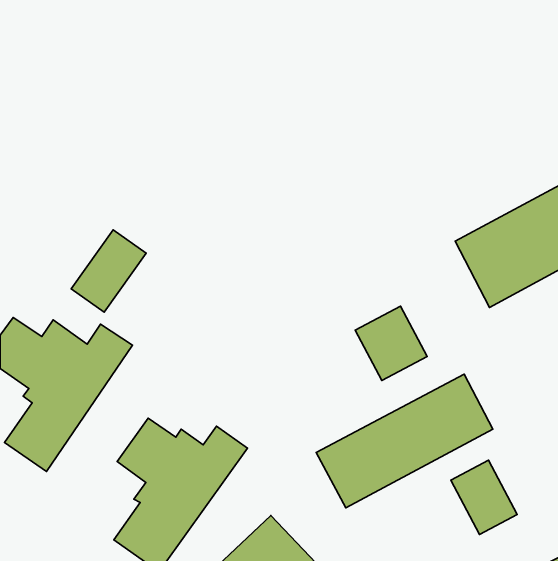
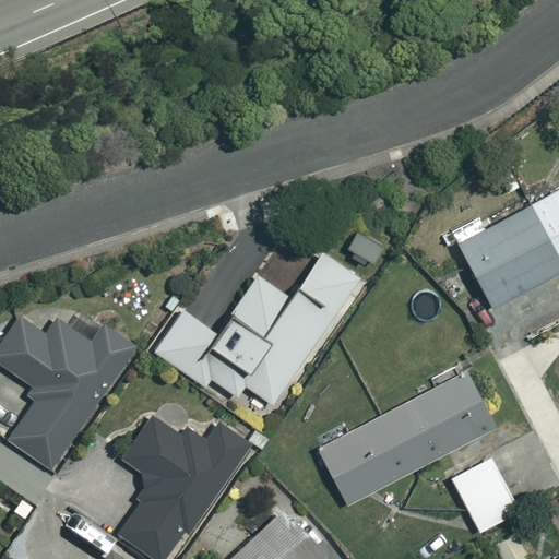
building: [71,230,146,312] -> none
building: none -> [155,251,360,403]
building: [355,306,427,381] -> none

